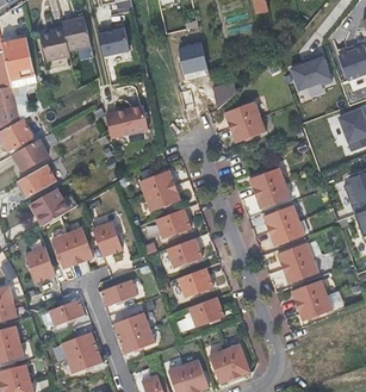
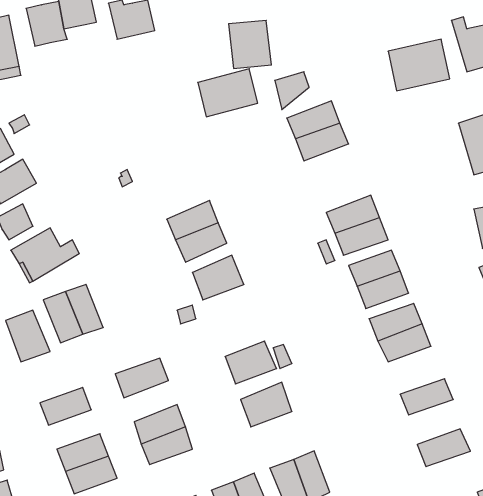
building: [105,106,147,139] -> [198,69,258,117]
building: [92,222,123,256] -> none
building: [166,237,201,268] -> none
building: [293,278,330,304] -> [417,429,470,467]

